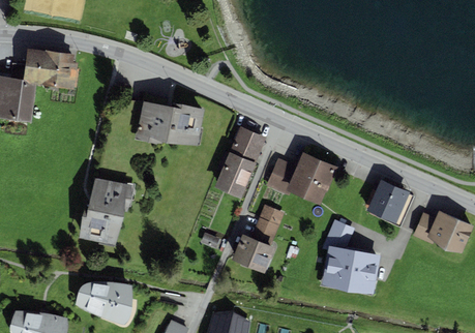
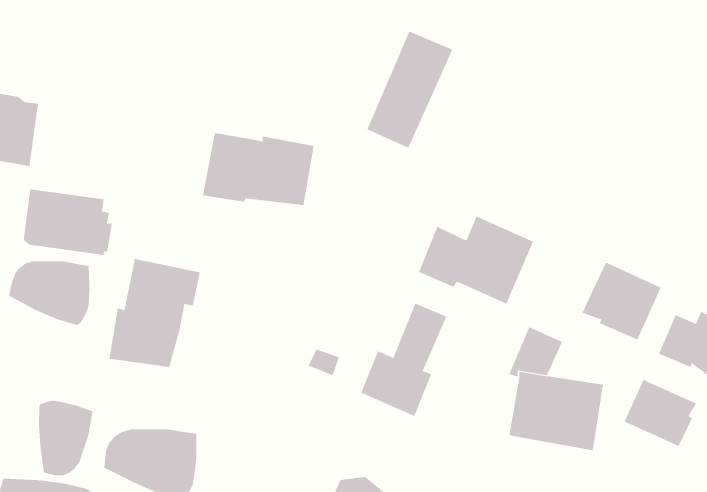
building: [24,49,79,89] -> [23,189,113,255]
building: [213,127,266,199] -> [366,31,453,148]
building: none -> [8,261,90,325]
building: none -> [624,379,697,447]
building: none -> [38,400,93,476]

